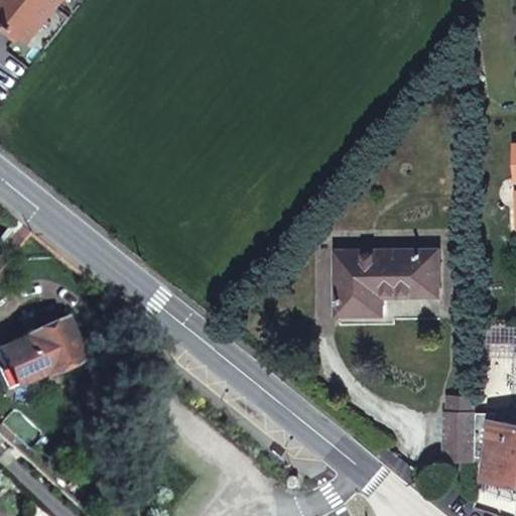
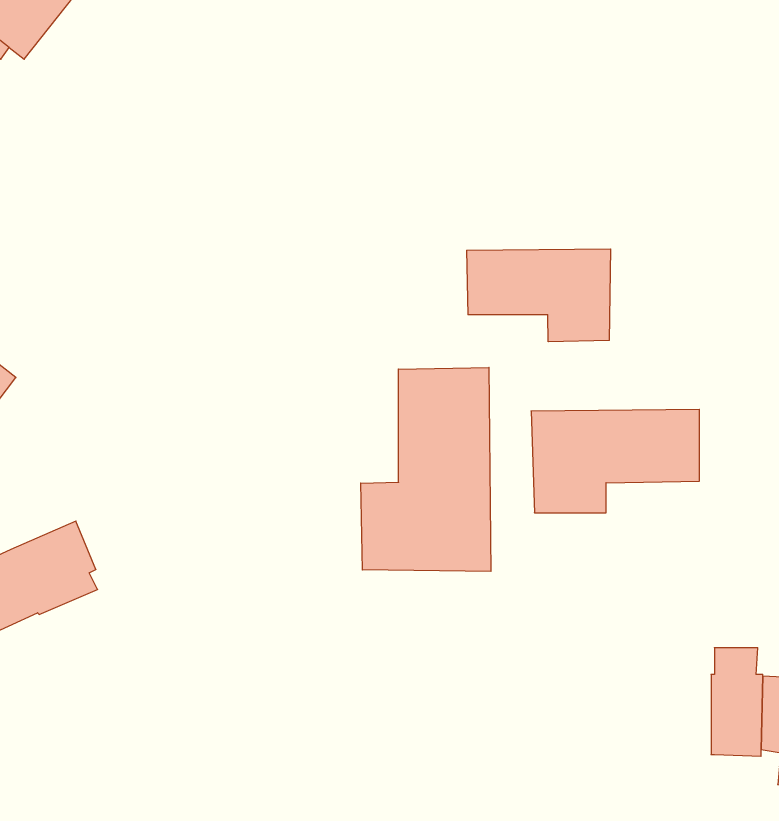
building: none -> [467,249,610,342]
building: none -> [361,367,491,571]

